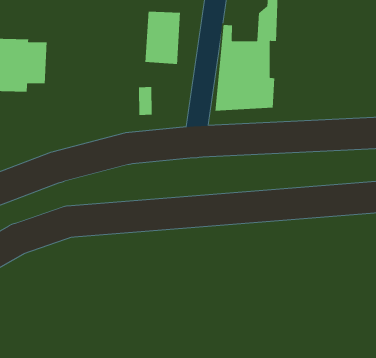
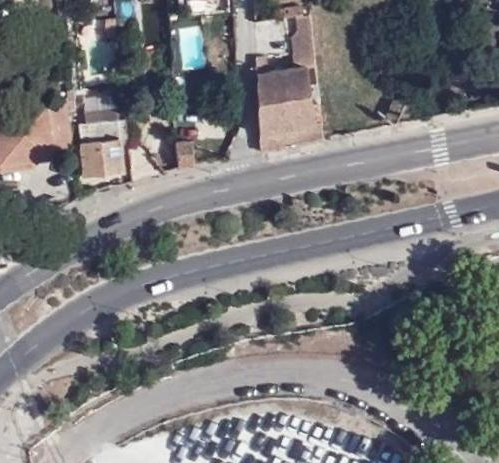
building: [145,11,181,65] -> [78,110,119,170]

